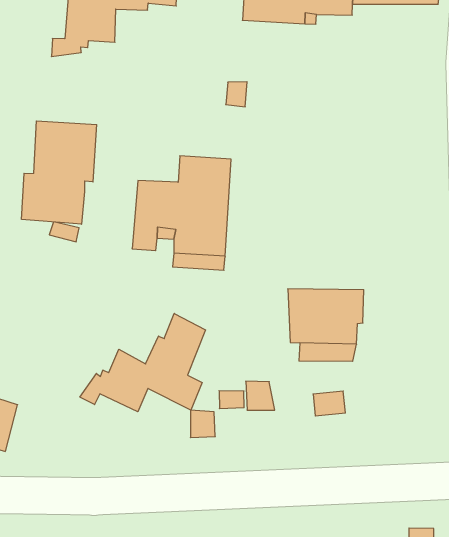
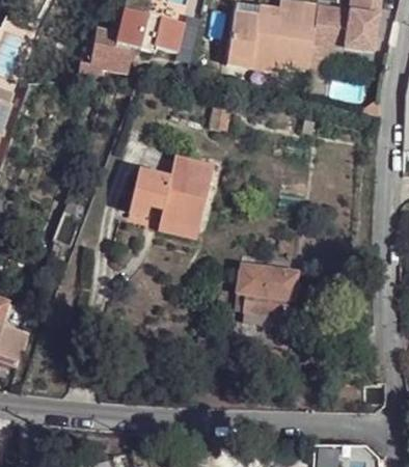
building: [22,121,97,224] -> none
building: [80,313,206,412] -> none

